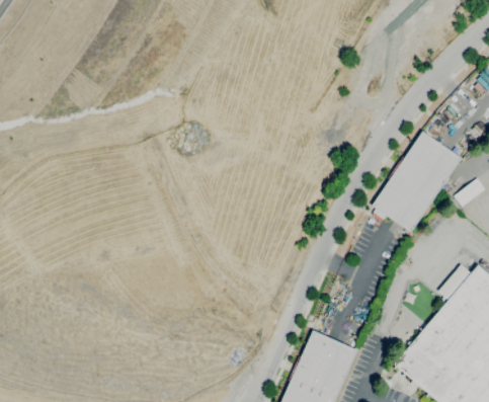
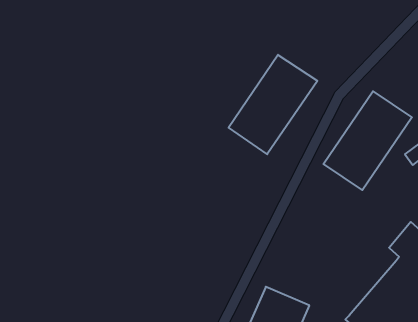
building: none -> [229,55,317,154]

